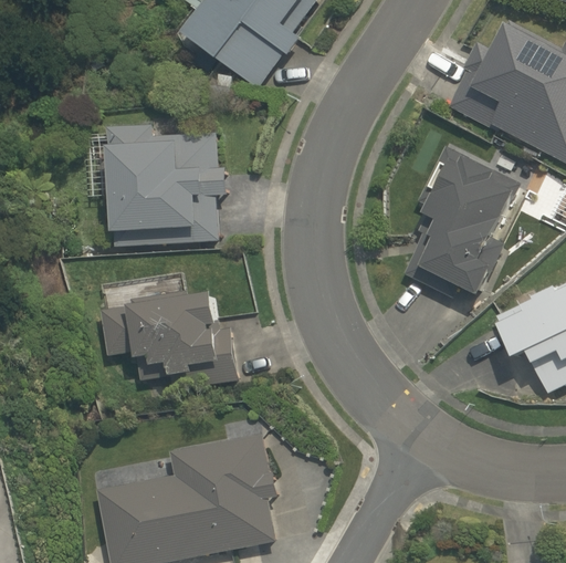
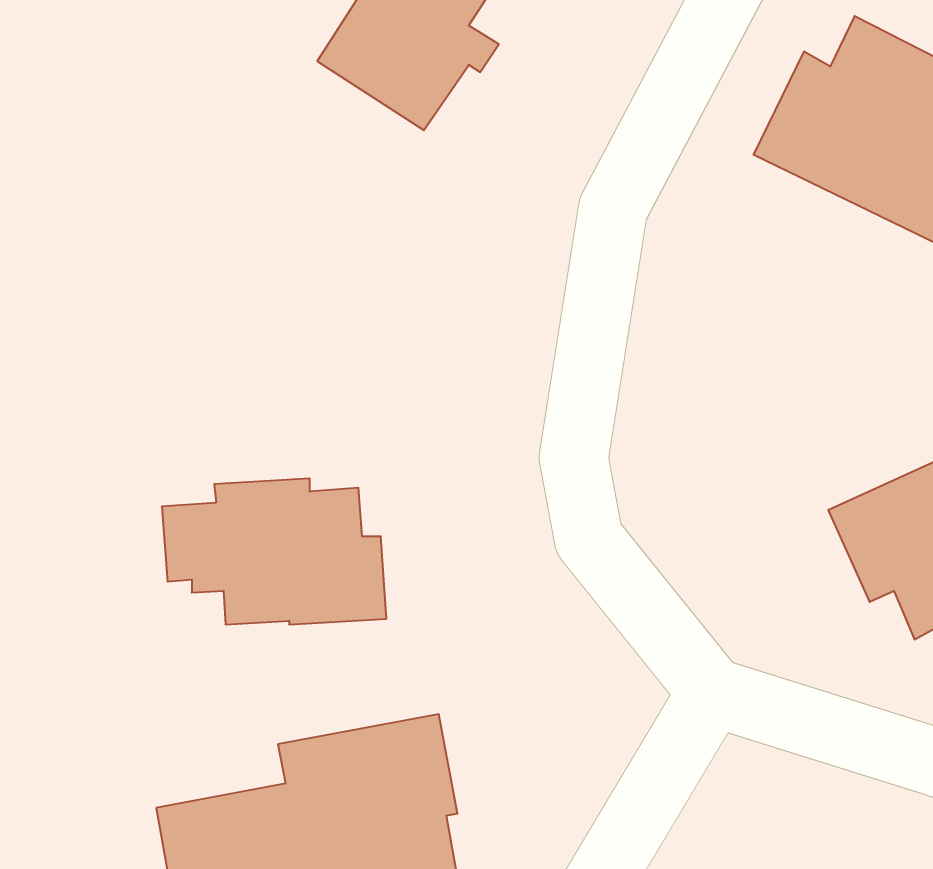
building: [113,134,231,236] -> none
building: [400,148,521,310] -> none

